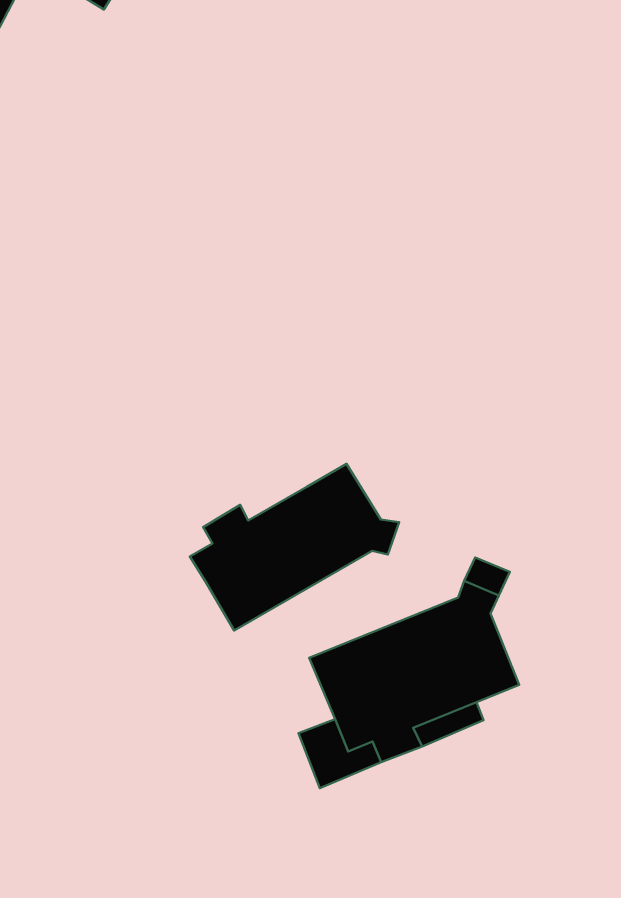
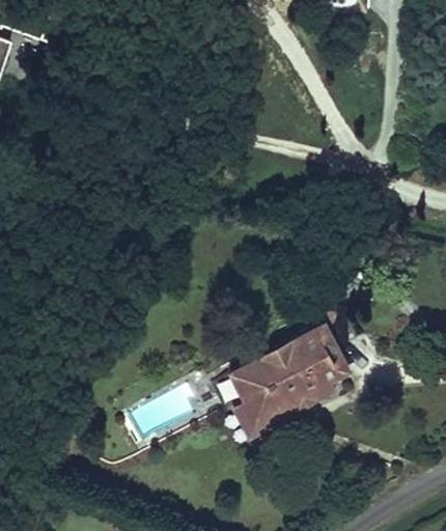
building: [190,464,399,631] -> none

